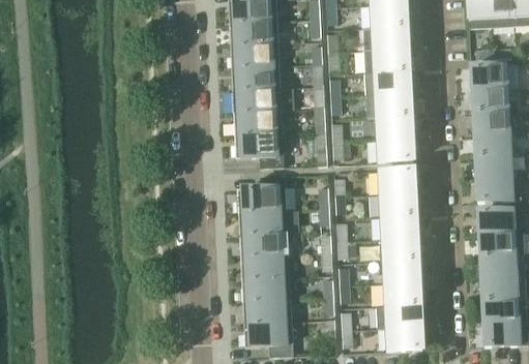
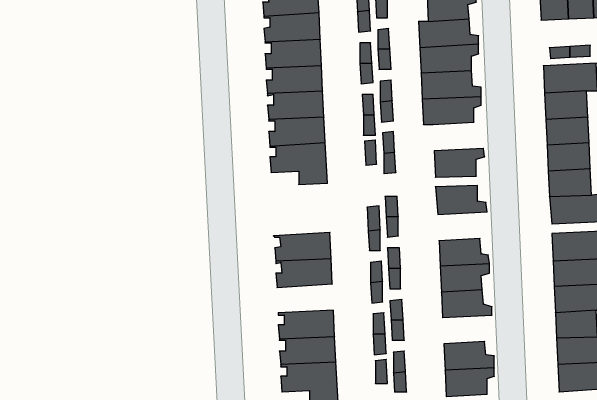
building: [375,115,418,140] -> none
building: [236,176,286,213] -> none
building: [379,192,421,217] -> none
building: [240,254,289,279] -> none
building: [383,281,425,306] -> none

